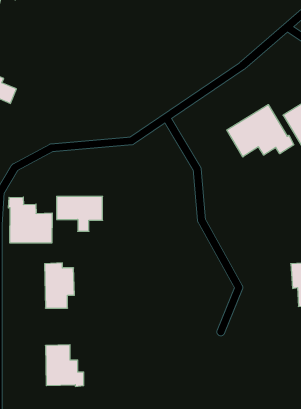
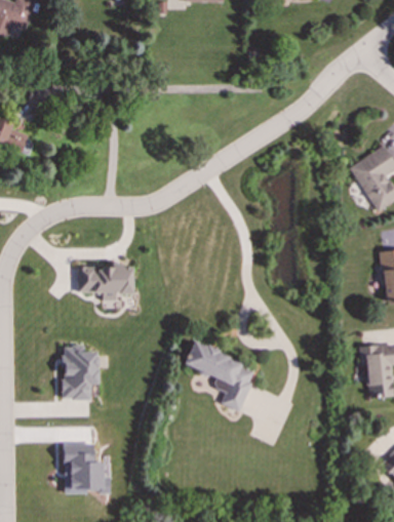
building: [227,105,294,157] -> none
building: [8,197,52,243] -> none
building: none -> [184,342,257,411]

